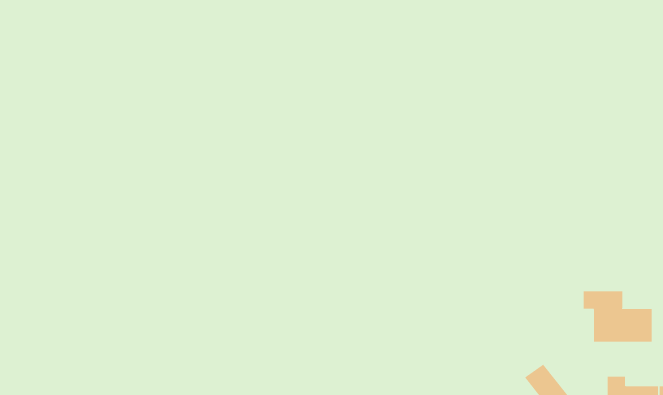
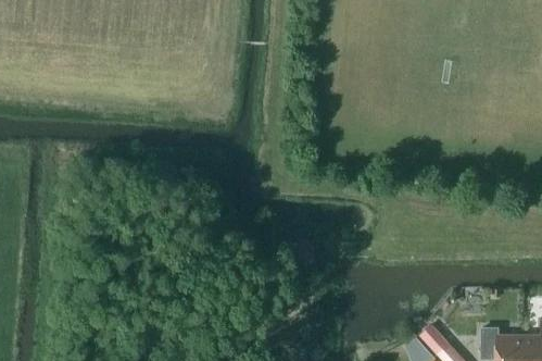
building: [583,290,652,343] -> none

